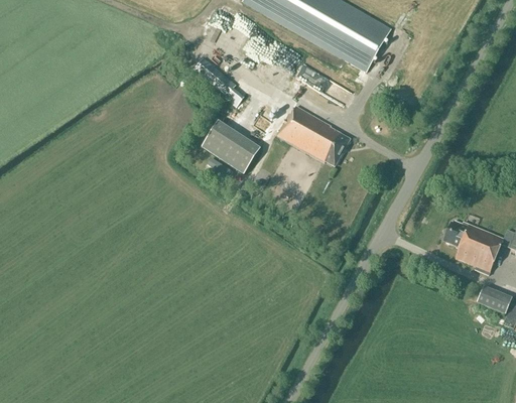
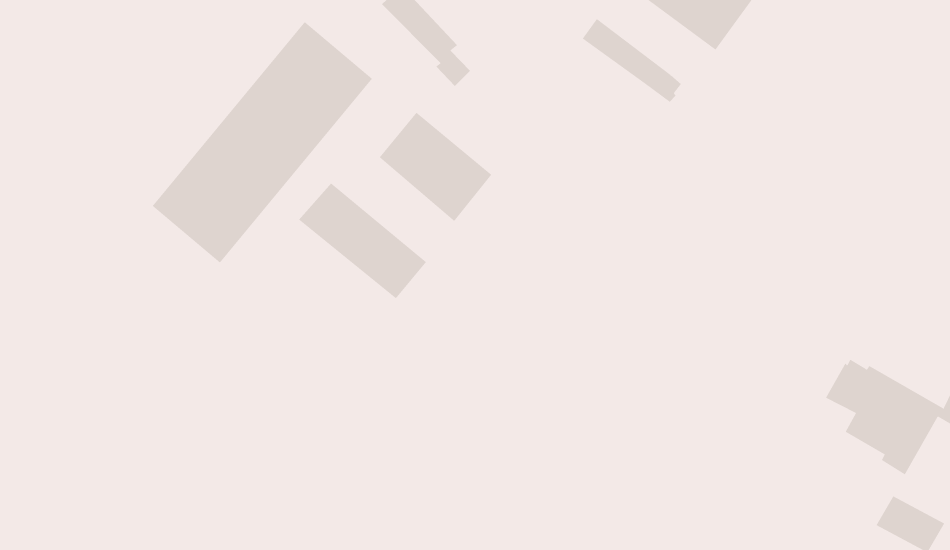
building: none -> [152,21,373,263]
building: [276,106,349,165] -> none
building: none -> [298,182,427,299]

